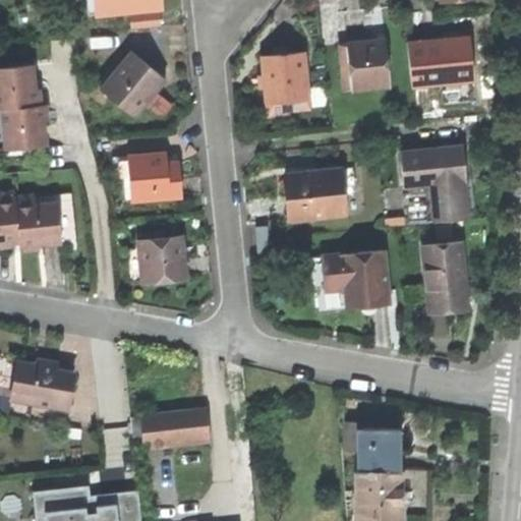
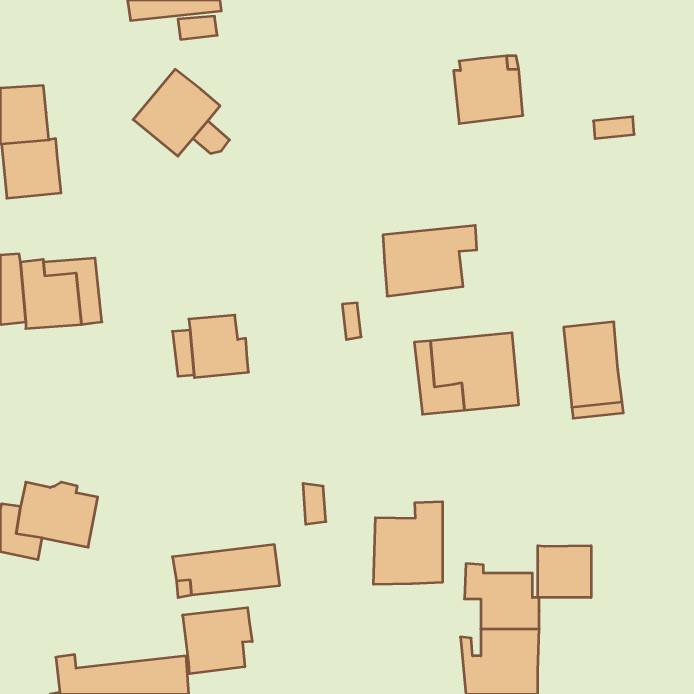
building: [409,38,476,88] -> none
building: [264,49,309,111] -> none
building: [403,146,471,224] -> none
building: [119,158,183,200] -> none
building: none -> [374,502,442,584]
building: none -> [538,546,591,598]
building: none -> [183,608,252,674]

